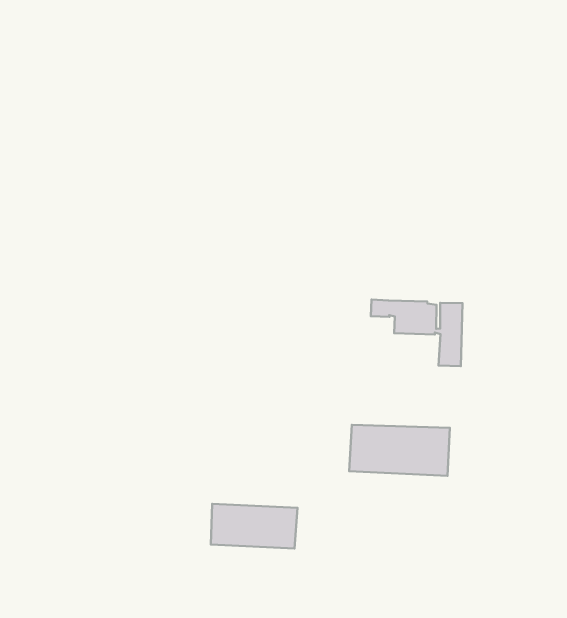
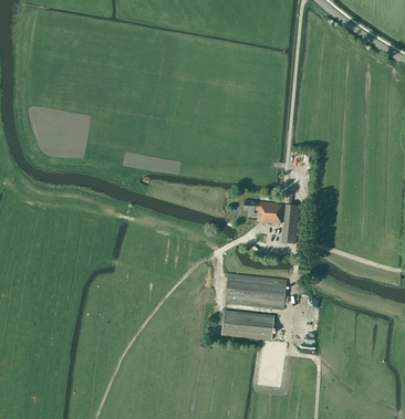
building: [211,504,297,549] -> [221,311,274,341]

